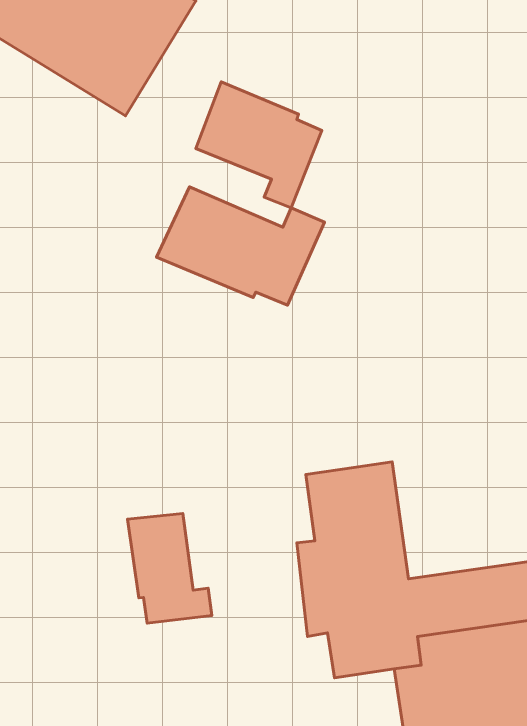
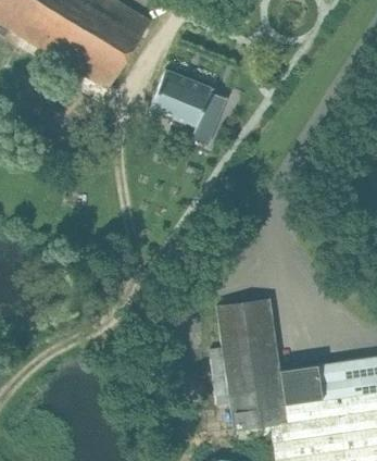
building: [157,187,325,305] -> none
building: [127,514,212,623] -> none

